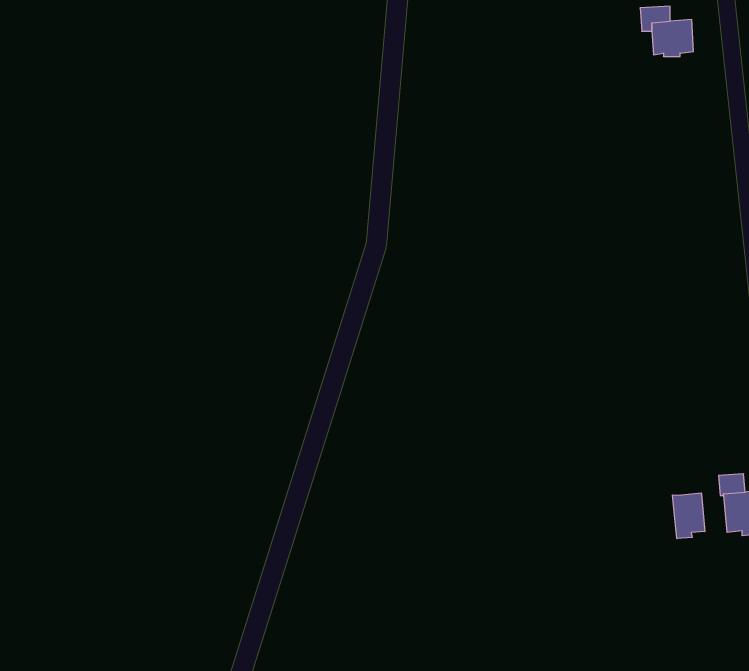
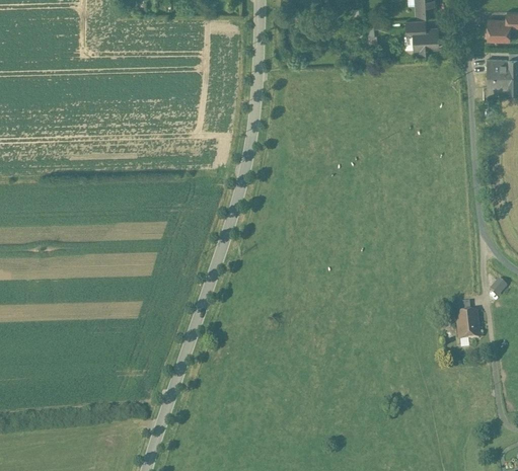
building: [672,493,705,539] -> none

